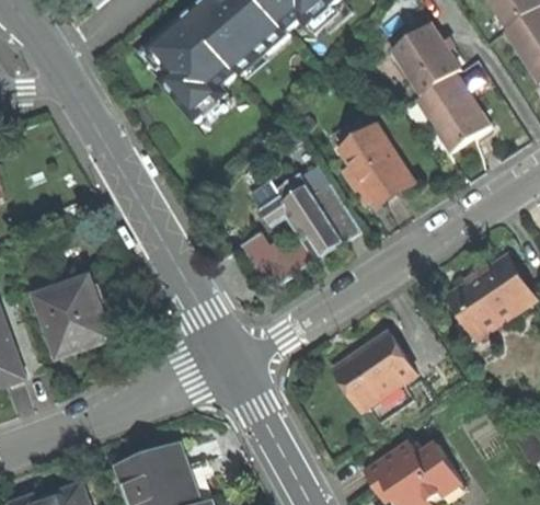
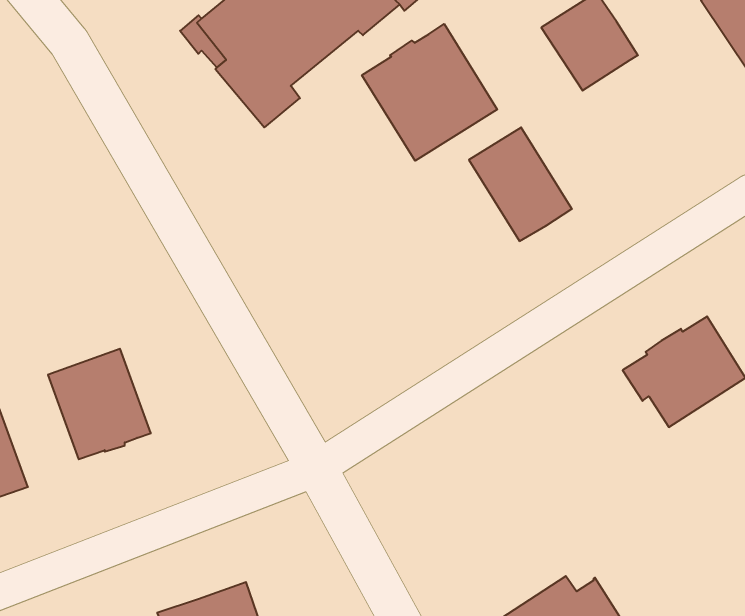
building: none -> [362,24,497,161]
building: [414,72,489,151] -> none
building: [243,172,360,283] -> none
building: [344,326,425,402] -> none

